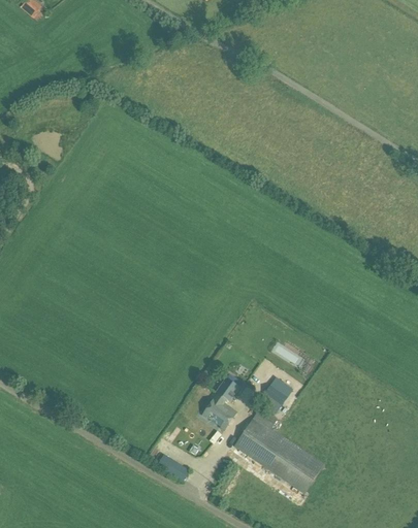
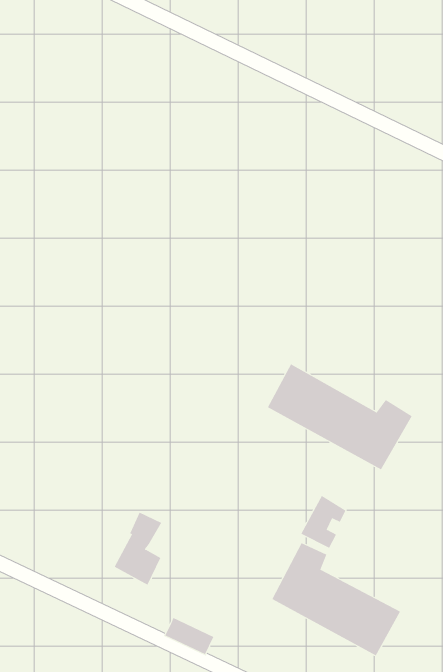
building: none -> [267,363,412,470]
building: [202,377,239,430] -> [114,512,162,586]

